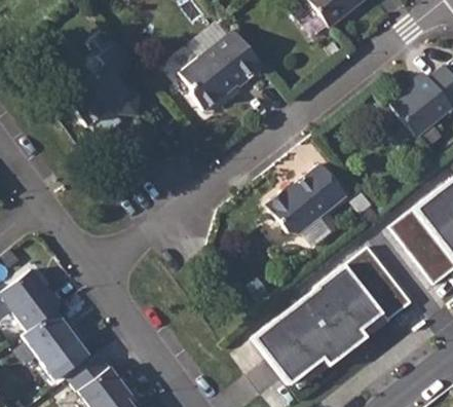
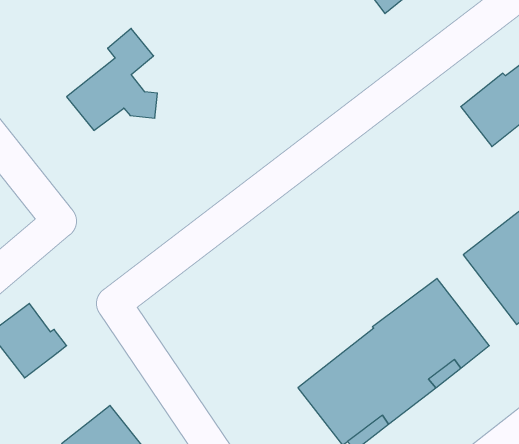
building: [178,29,261,110] -> none
building: [263,165,343,235] -> none
building: [22,308,88,377] -> none

